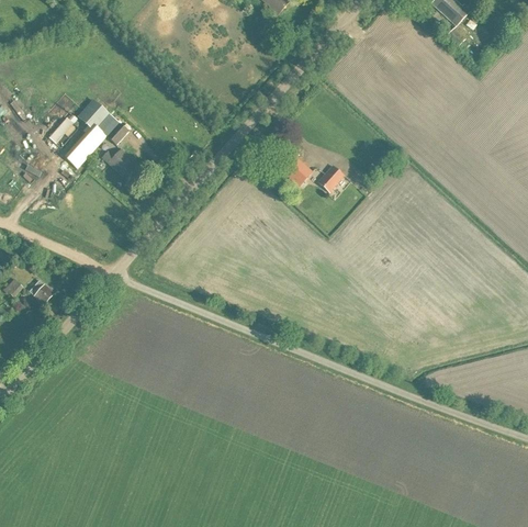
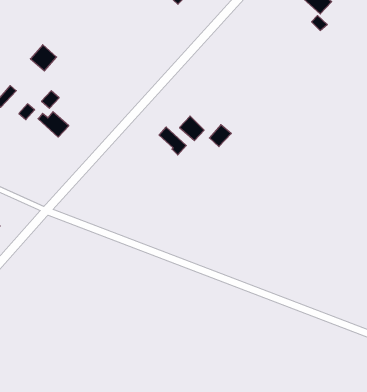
building: [77,99,110,132] -> [30,45,57,71]
building: none -> [159,127,186,155]

